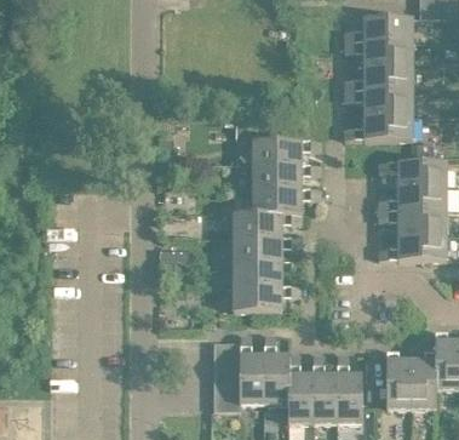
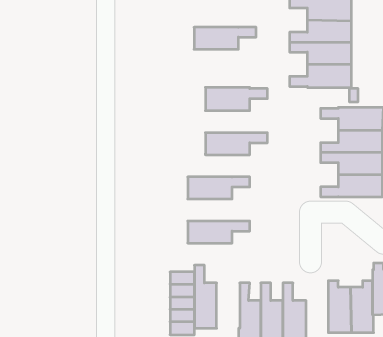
building: [251,164,319,188] -> [194,27,256,49]
building: [231,211,299,236] -> none
building: [231,261,299,285] -> none
building: [263,333,288,402] -> none

